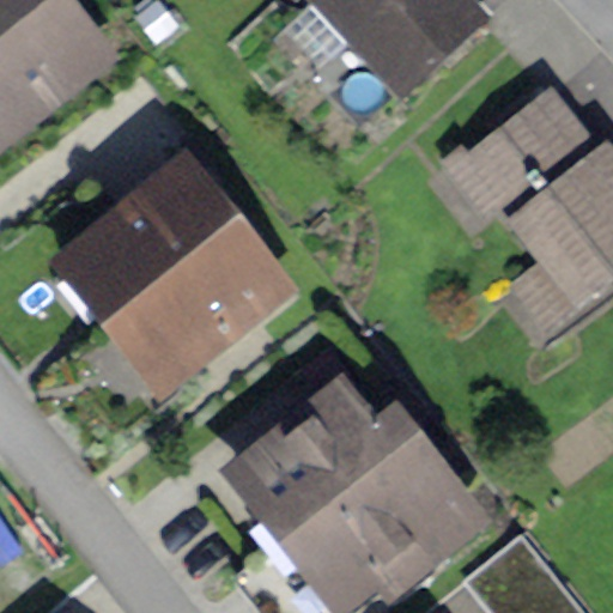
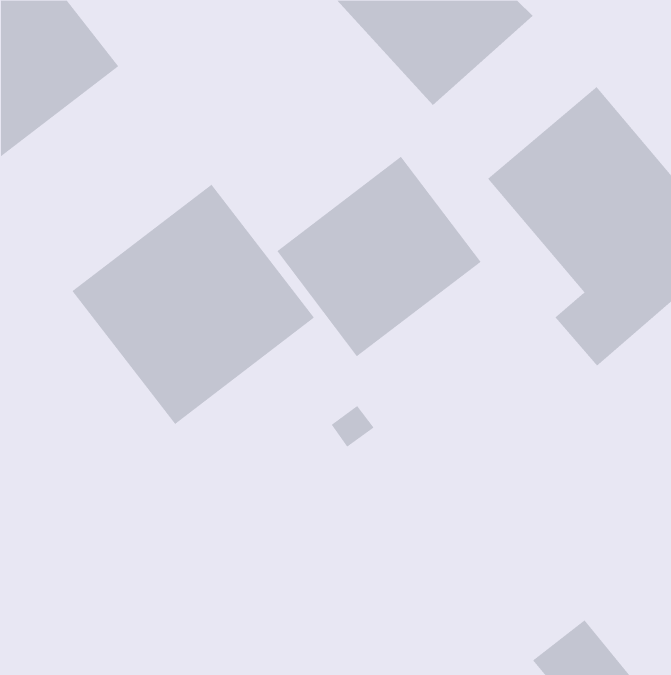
building: none -> [277,156,481,357]
building: [245,397,473,607] -> none

